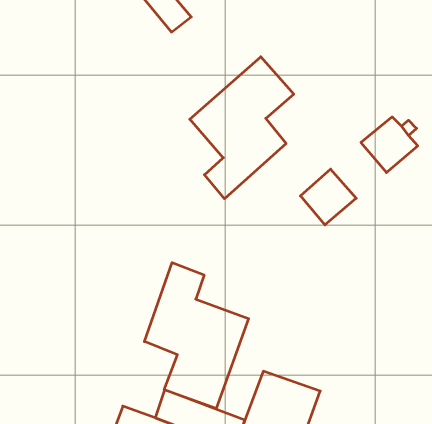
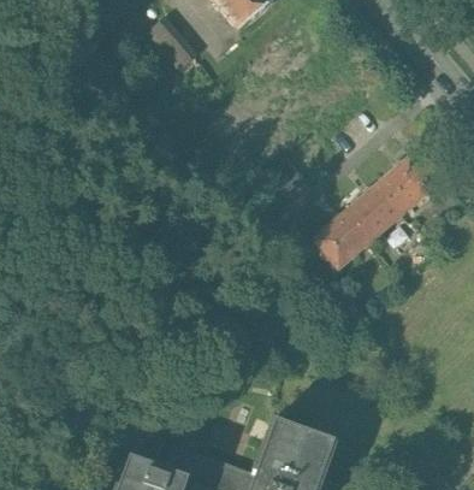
building: [190,57,294,199] -> none
building: none -> [344,183,402,241]
building: [144,263,249,408] -> none

